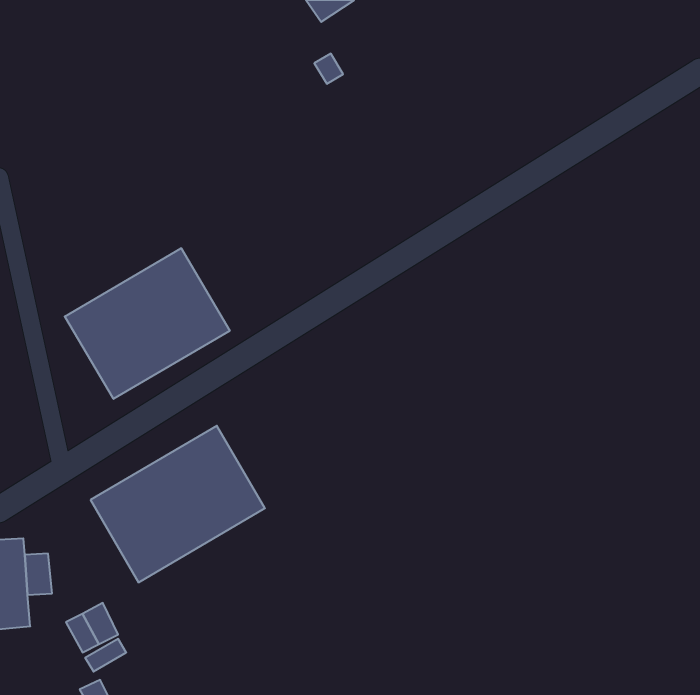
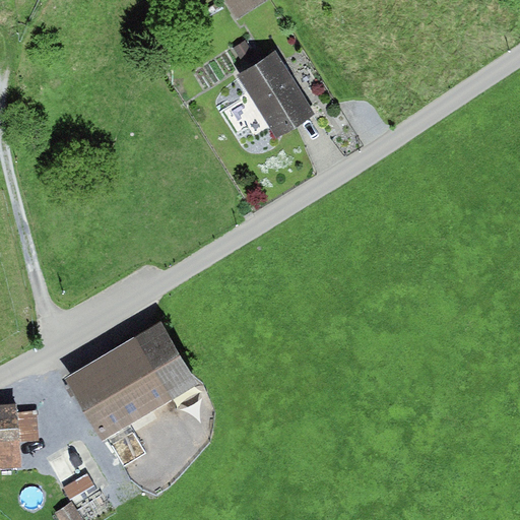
building: none -> [238,52,312,136]
building: [65,248,230,399] -> none

